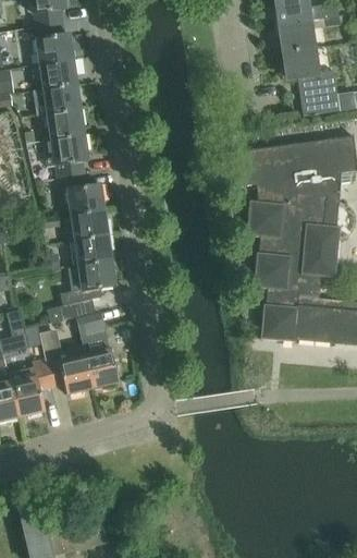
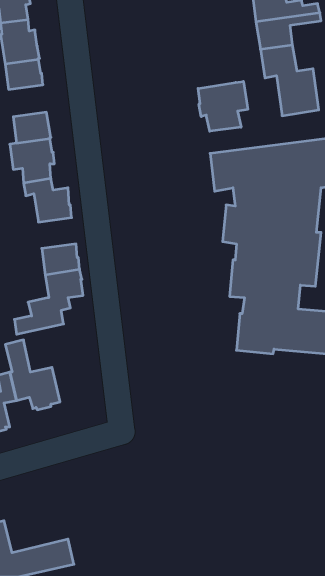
building: none -> [198,81,248,131]
building: [44,85,81,116] -> none
building: [72,211,108,241] -> none
building: [76,312,119,387] -> none

